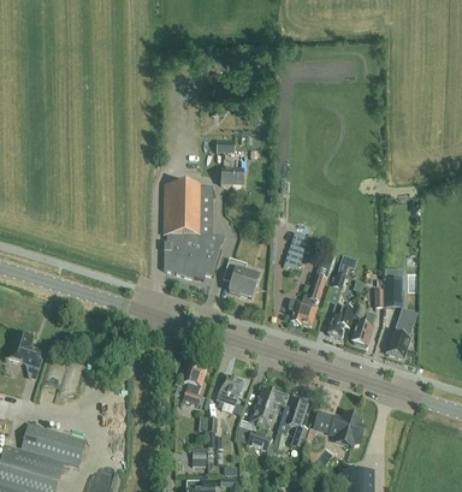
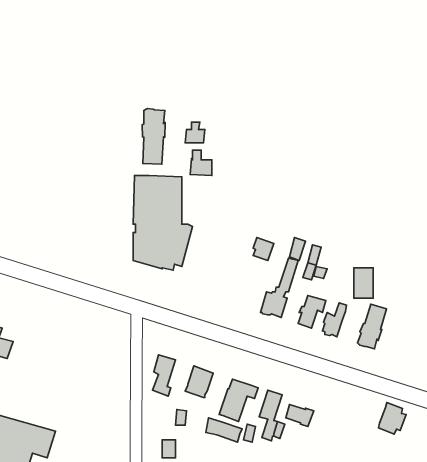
building: none -> [142,109,165,164]
building: [223,259,259,297] -> none
building: [336,414,363,445] -> [378,403,406,434]

